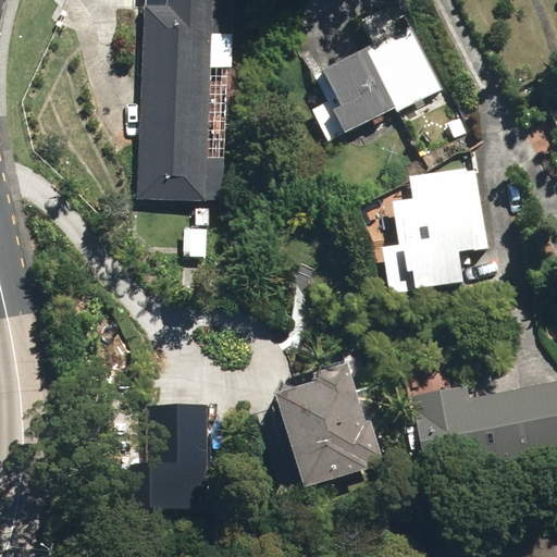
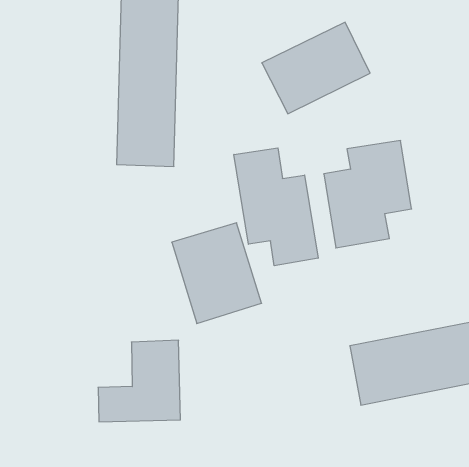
building: none -> [234,148,318,266]
building: [268,372,373,491] -> [172,223,262,324]

